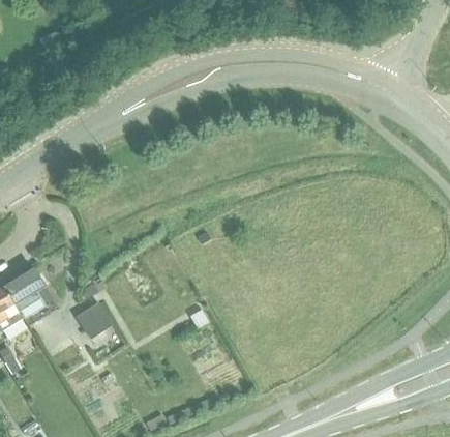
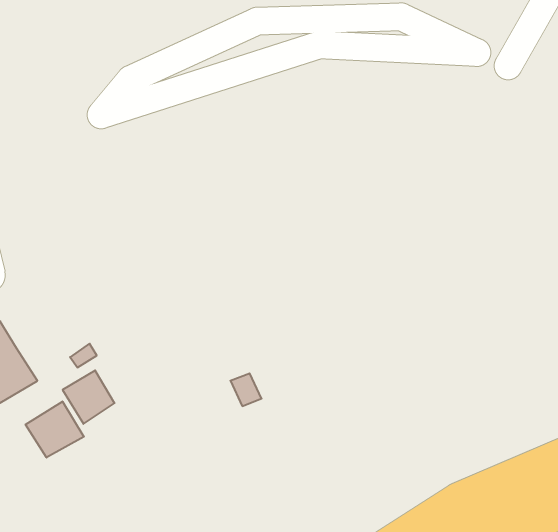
building: none -> [26,401,84,458]

